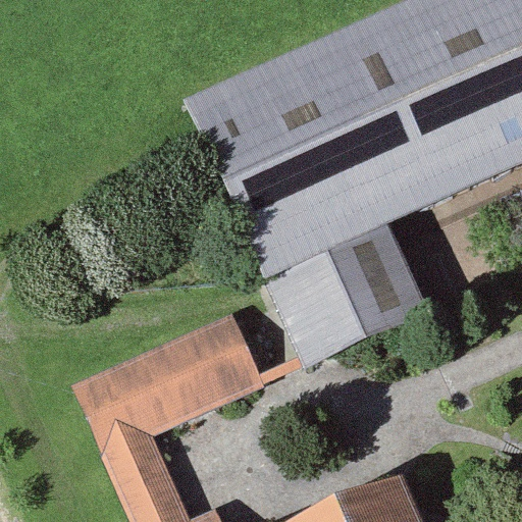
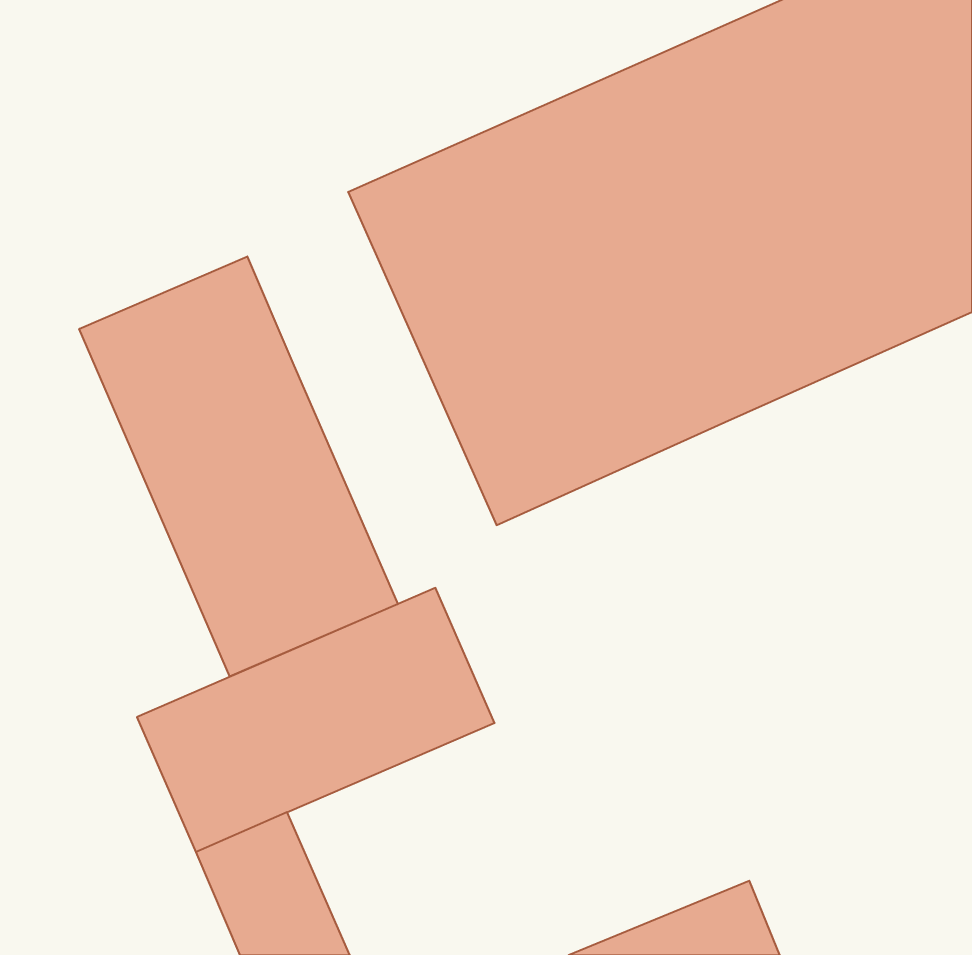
building: none -> [79,256,398,676]
building: [266,226,428,368] -> none

